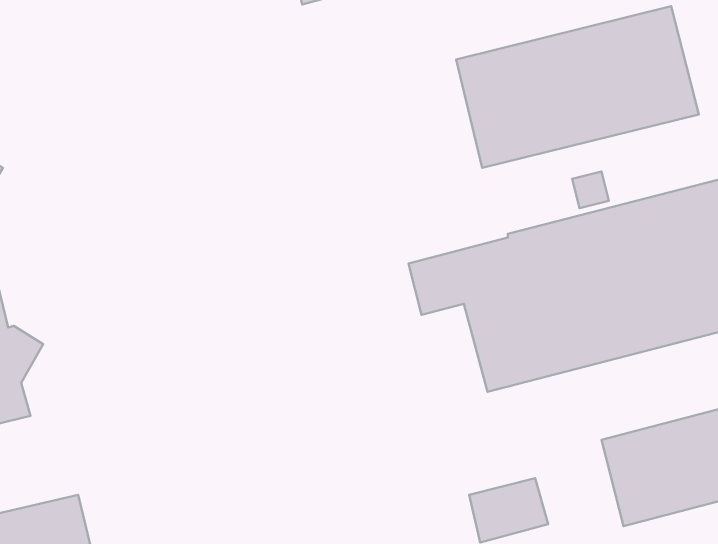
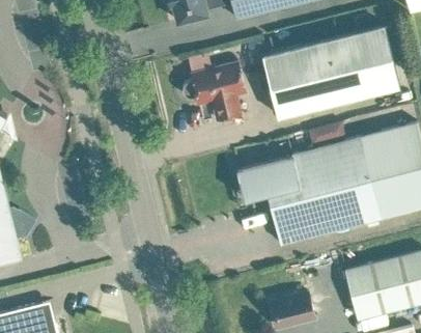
building: none -> [181,62,245,120]

